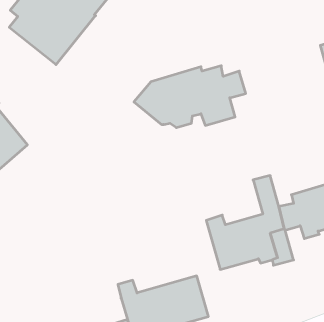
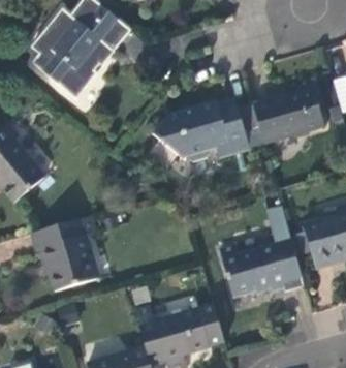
building: none -> [254,78,328,146]
building: none -> [30,217,95,287]

